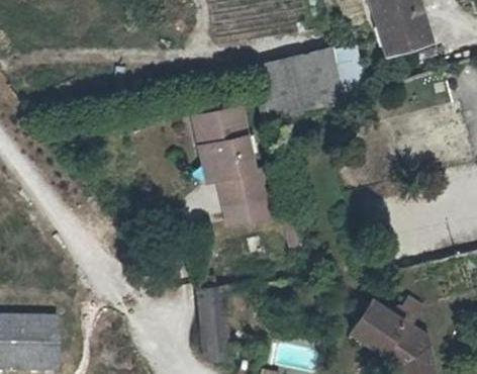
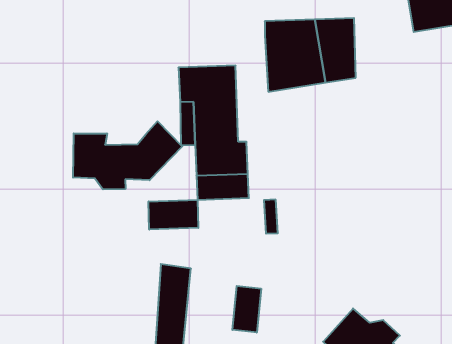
building: none -> [73,121,182,189]
building: none -> [149,200,198,230]
building: none -> [232,286,261,333]

